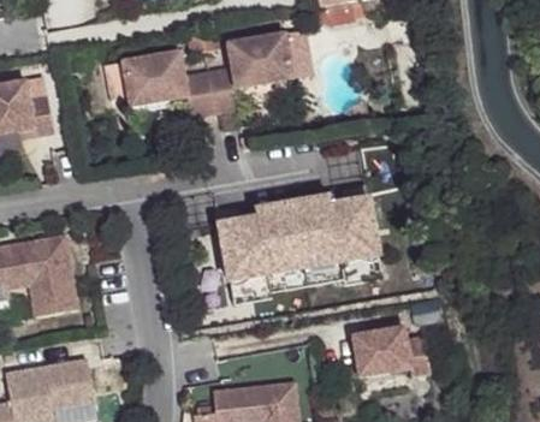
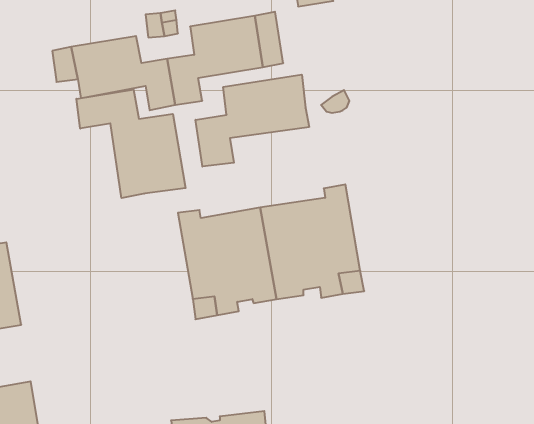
building: none -> [196,75,309,167]
building: none -> [76,90,186,198]
building: [350,329,428,380] -> none

